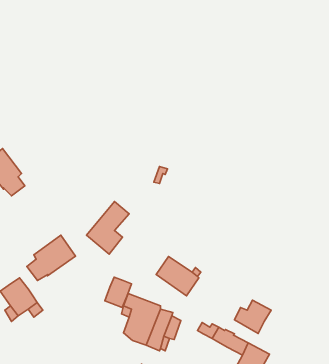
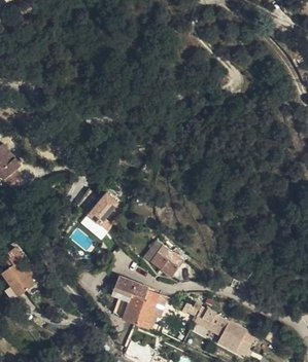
building: [27,235,75,280] -> none
building: [105,277,131,308] -> none
building: [234,300,271,334] -> none

